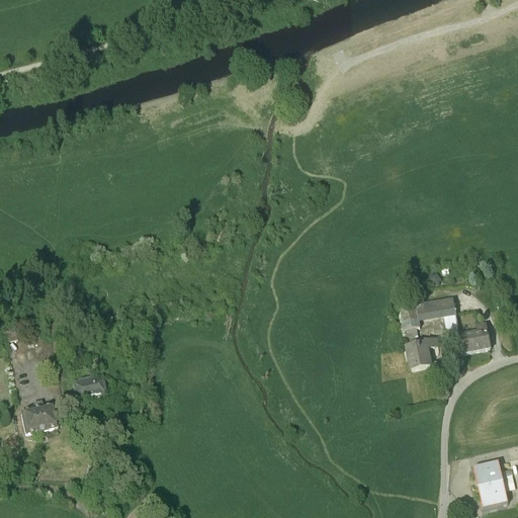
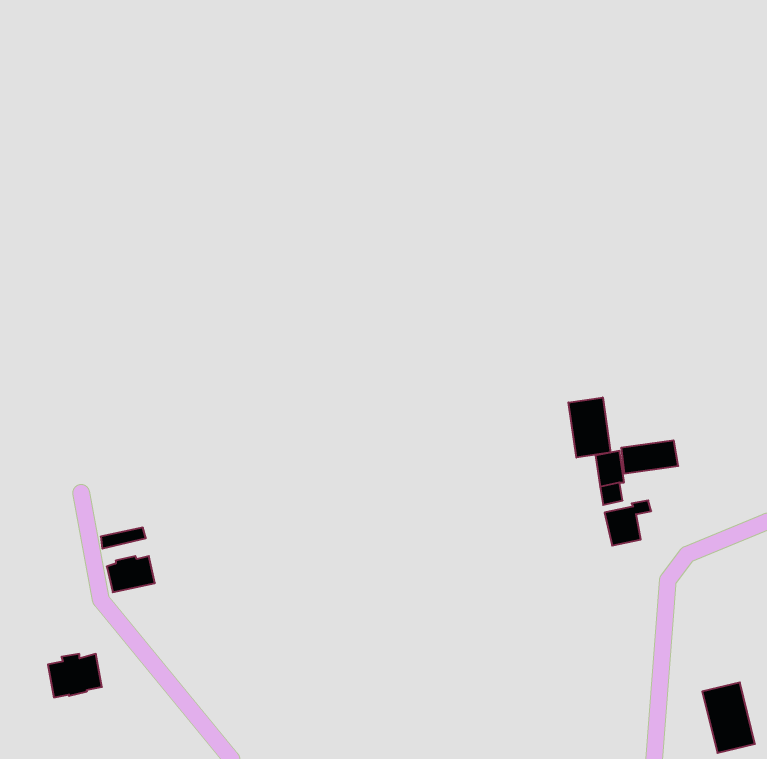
building: none -> [568,397,611,458]
building: [459,322,491,351] -> none
building: [19,403,56,432] -> [48,654,102,697]

